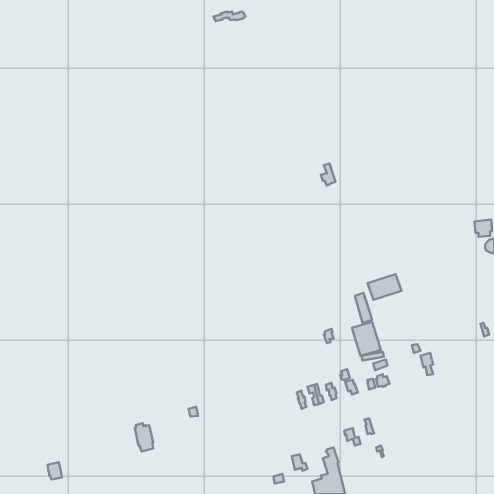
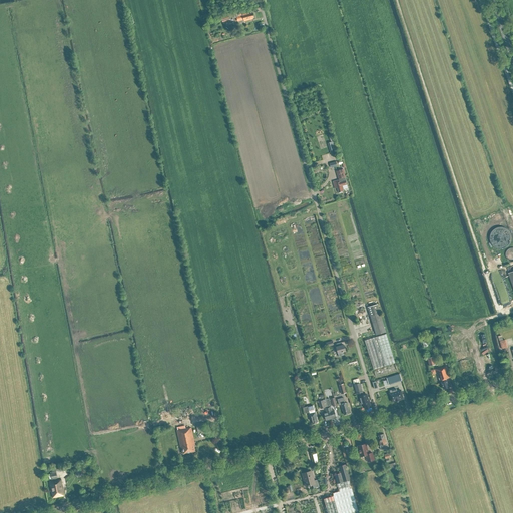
building: [368,274,401,300] -> none
building: [135,423,153,451] -> [176,425,195,454]

